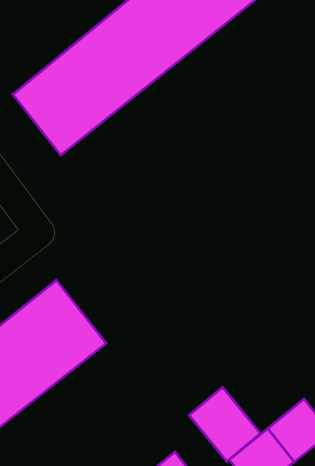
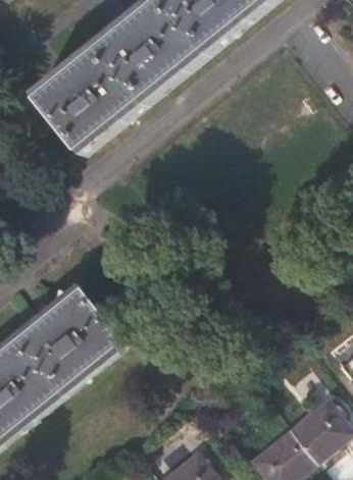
building: [189,387,260,462] -> none

